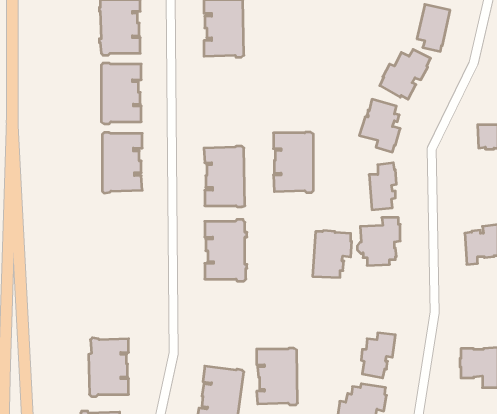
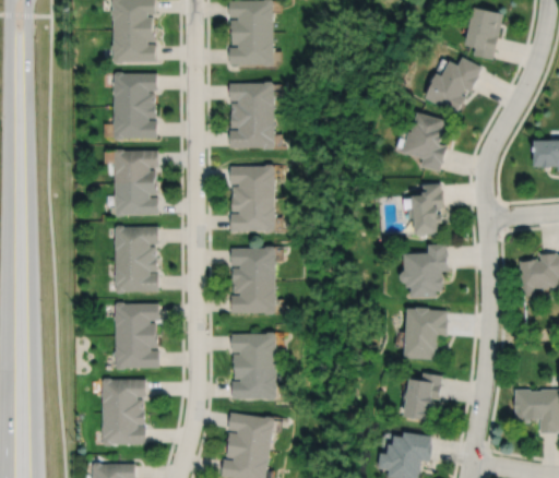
building: [273,132,313,193] -> [228,82,273,150]
building: none -> [115,226,159,294]
building: [313,231,352,277] -> [404,308,448,360]
building: none -> [114,302,160,370]
building: [257,348,298,405] -> [230,334,276,397]

